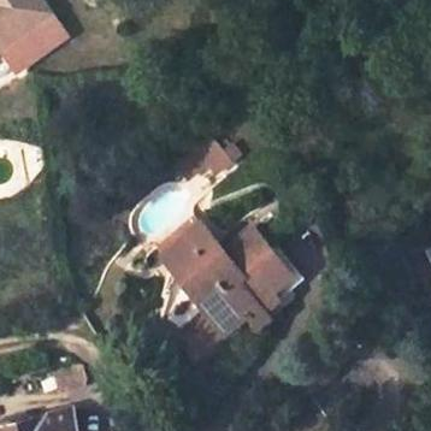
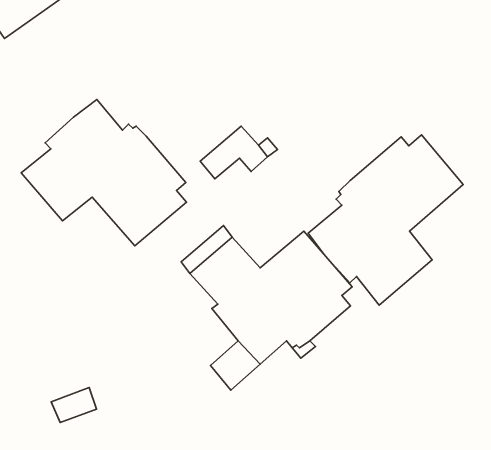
building: none -> [21,99,186,246]
building: none -> [308,135,463,305]

